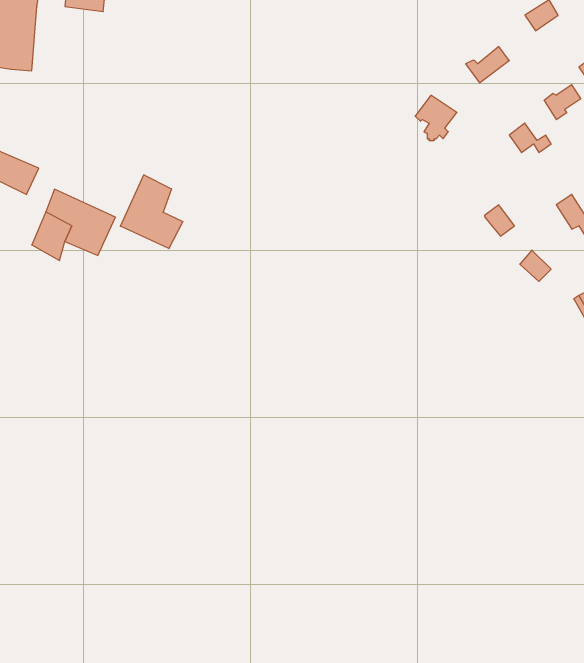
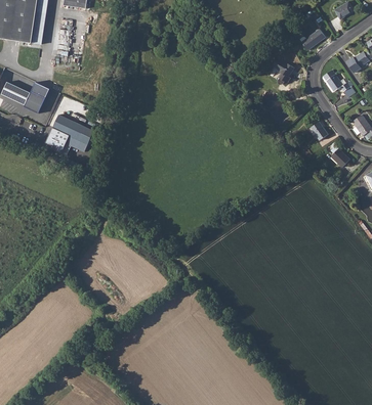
building: [120,175,183,249] -> none

